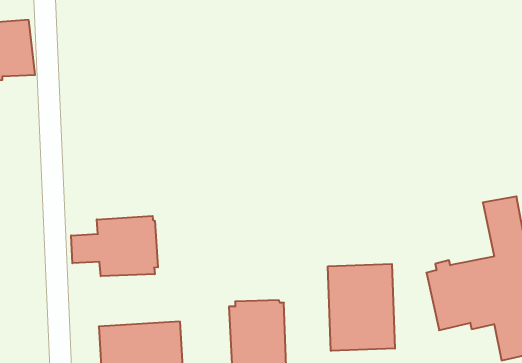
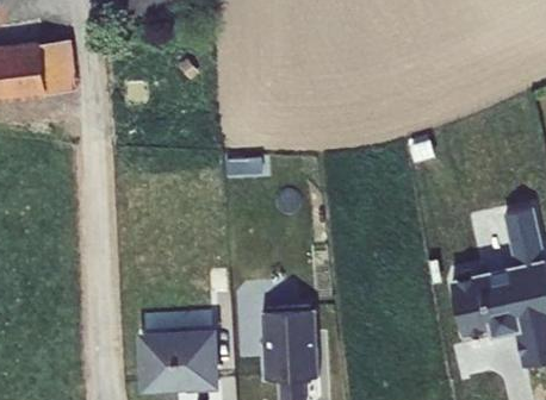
building: [71,216,158,276] -> none
building: [328,264,395,351] -> none

